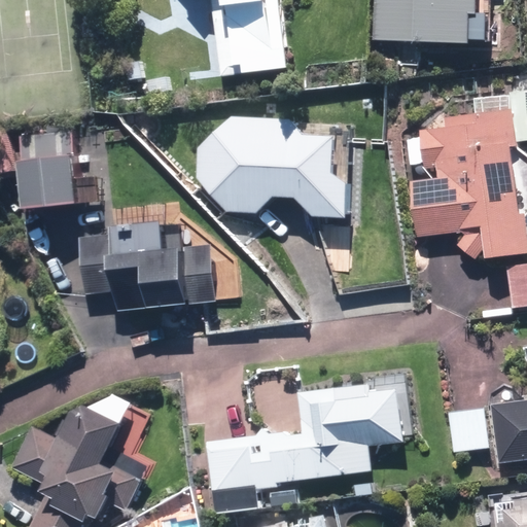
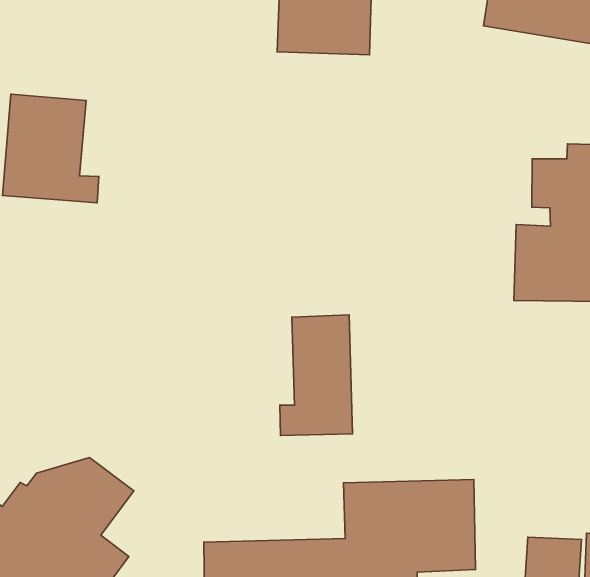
building: [197,122,345,216] -> none
building: [77,222,216,312] -> none
building: none -> [280,315,352,436]

